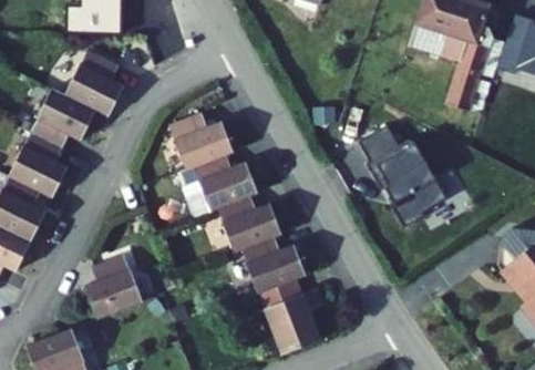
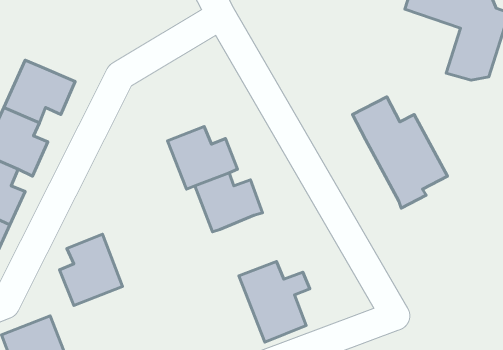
building: [66,49,125,114] -> none
building: [163,109,226,166] -> none
building: [235,234,299,291] -> none

